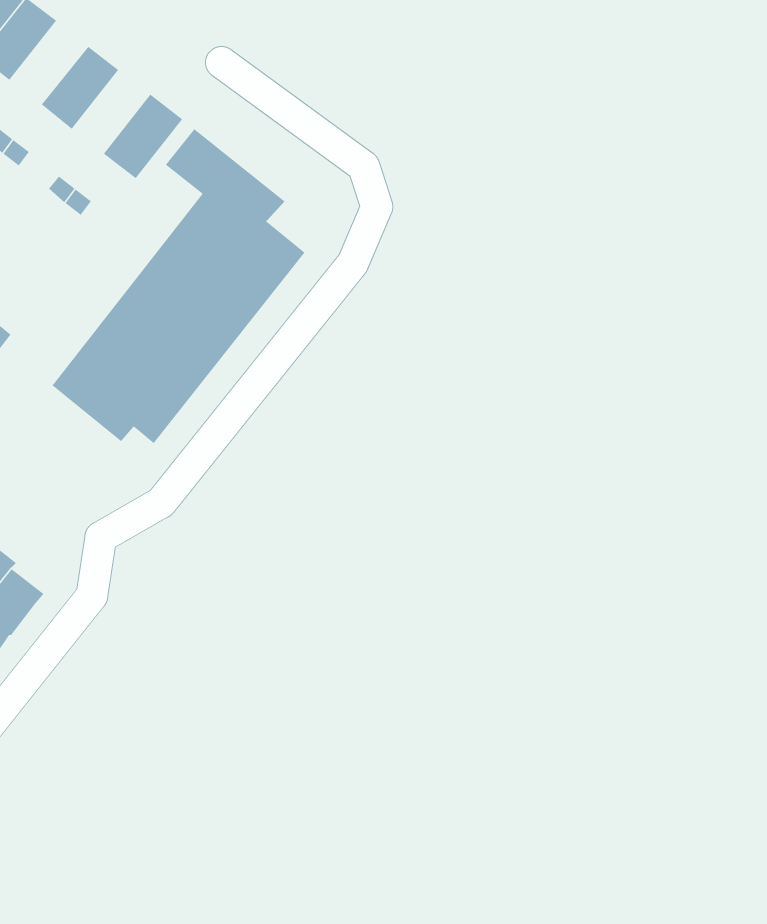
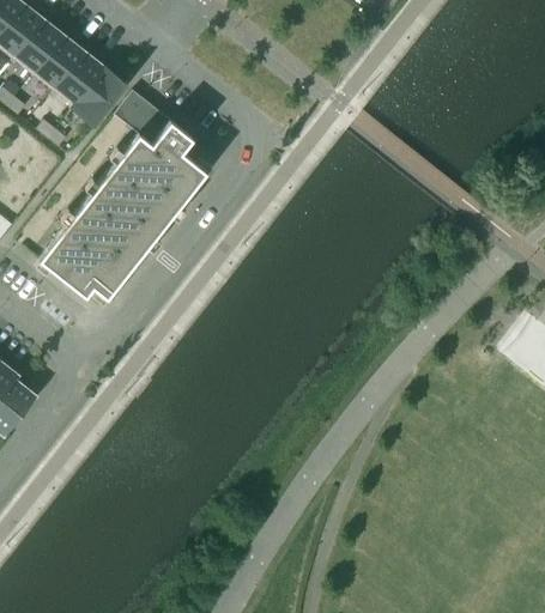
building: none -> [13,19,65,74]
building: none -> [54,51,105,107]

